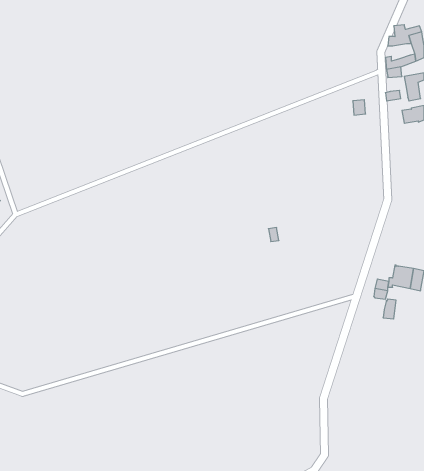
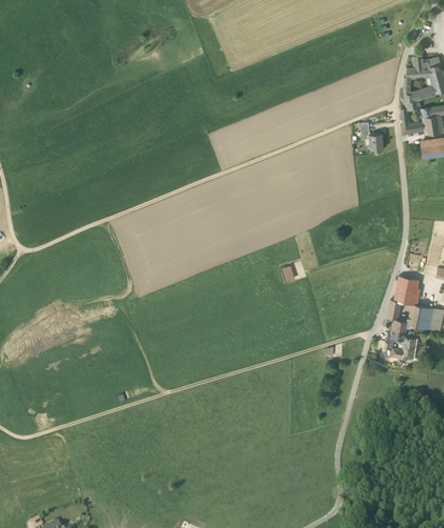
building: none -> [393,275,420,304]

